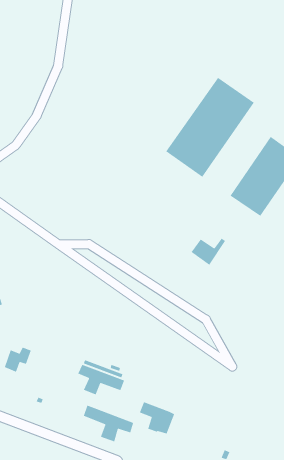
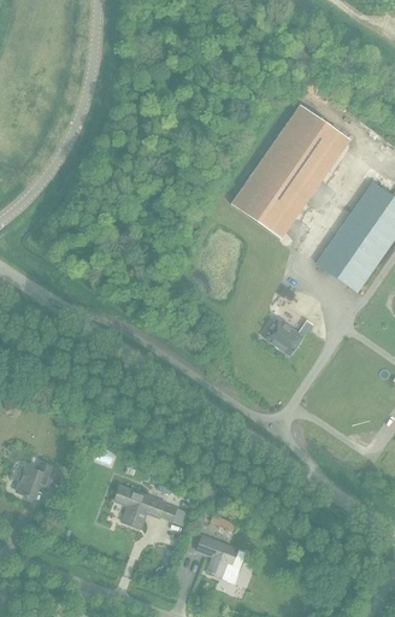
building: [83,404,134,443] -> none

